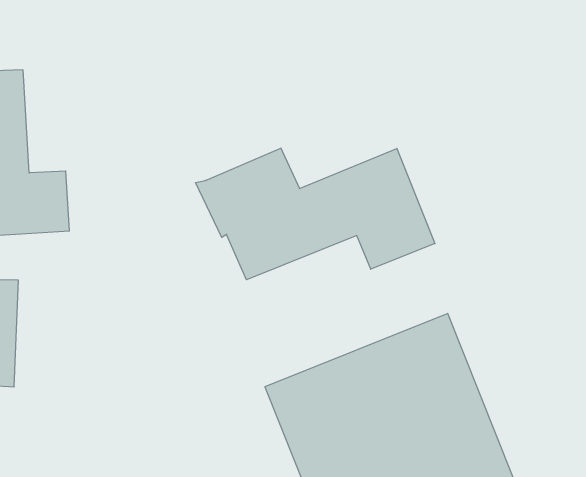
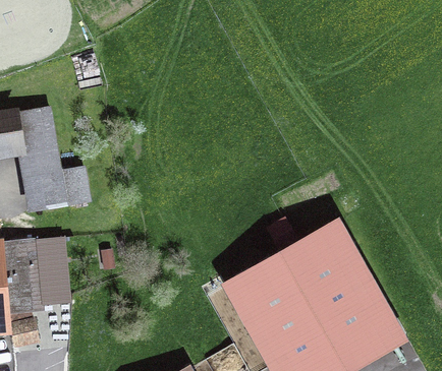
building: [196,148,435,280] -> none

